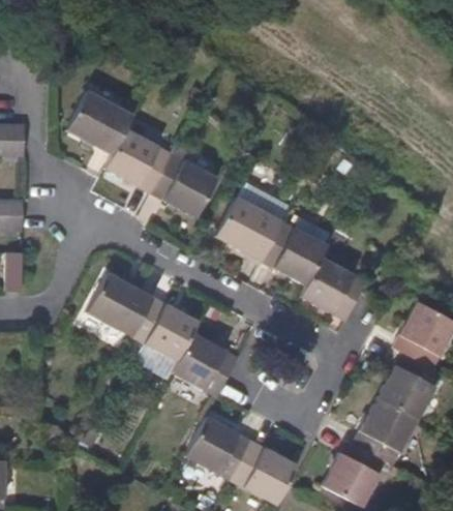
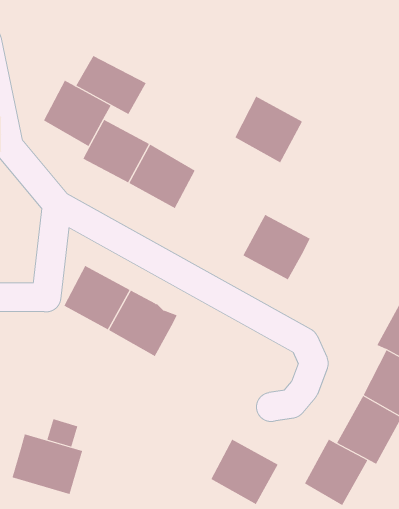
building: none -> [75,55,146,115]
building: [216,197,282,262] -> [235,96,303,163]
building: [299,258,367,323] -> none
building: [171,330,239,395] -> none
building: [185,415,250,479] -> none
building: none -> [12,433,83,495]

